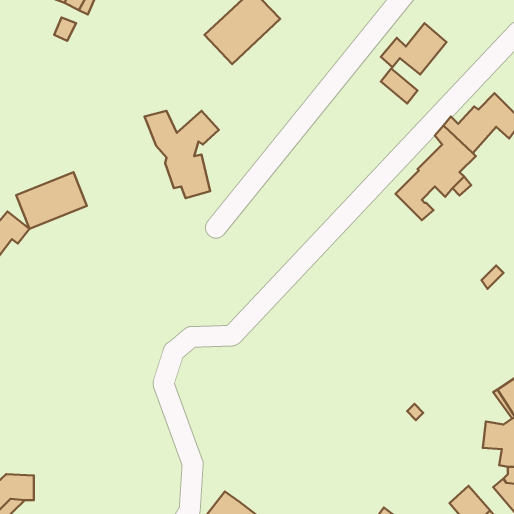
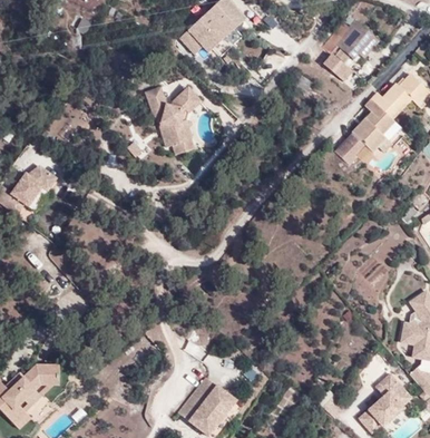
building: [16,172,87,229] -> none

